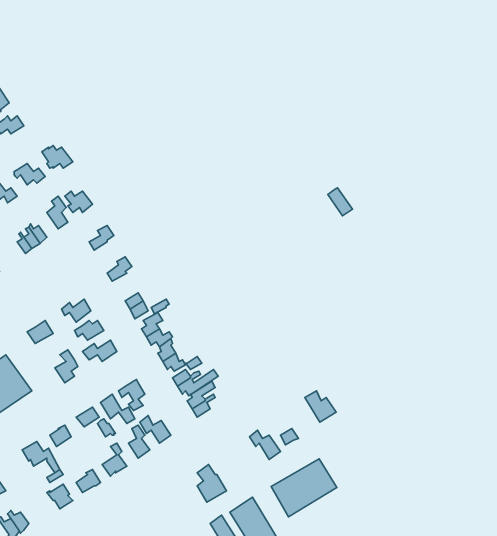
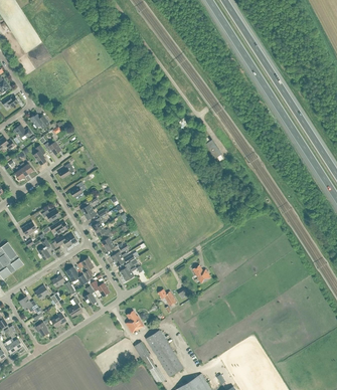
building: [271,459,337,517] -> none

